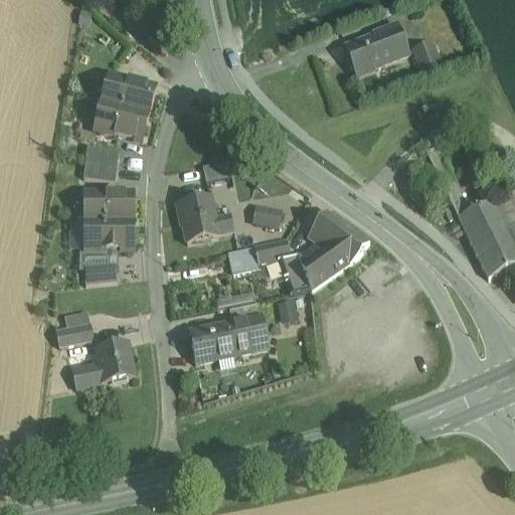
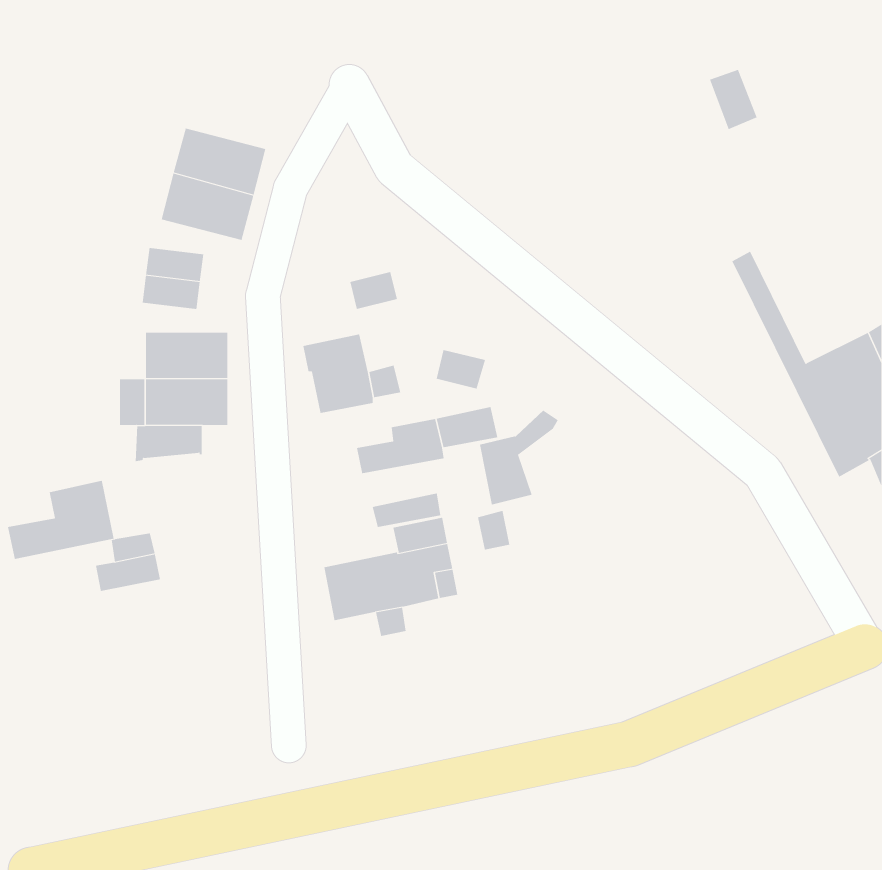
building: [344,22,408,75] -> none
building: [302,209,368,288] -> none
building: [83,264,117,283] -> none
building: [71,340,134,386] -> [7,480,115,560]

